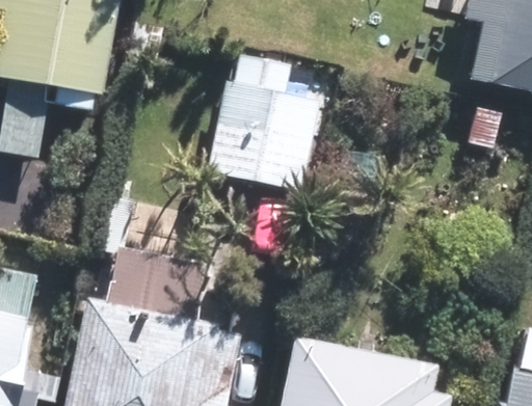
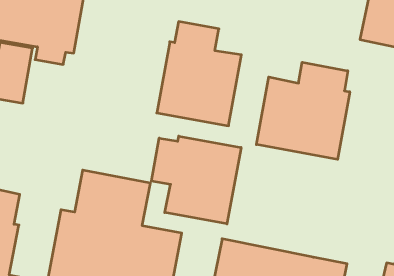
building: none -> [256,62,350,159]
building: none -> [151,136,241,224]

